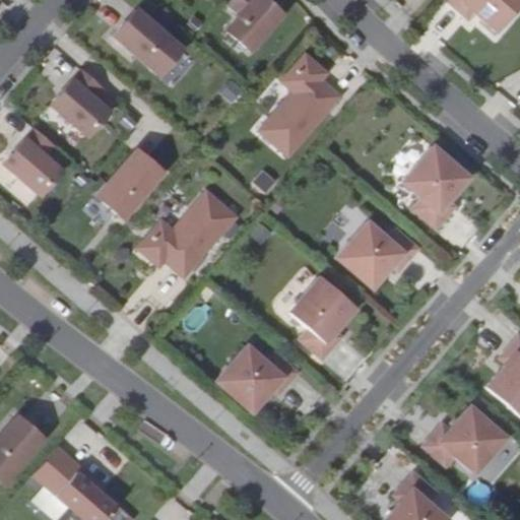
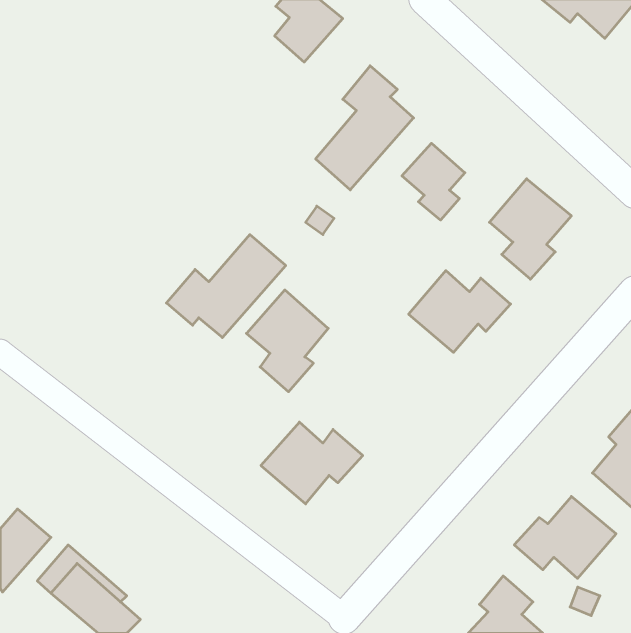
building: [115,9,183,75] -> none
building: [57,74,115,141] -> none
building: none -> [402,143,465,220]
building: [7,131,65,198] -> none
building: [95,151,161,220] -> none
building: [289,276,356,360] -> [246,290,328,392]

